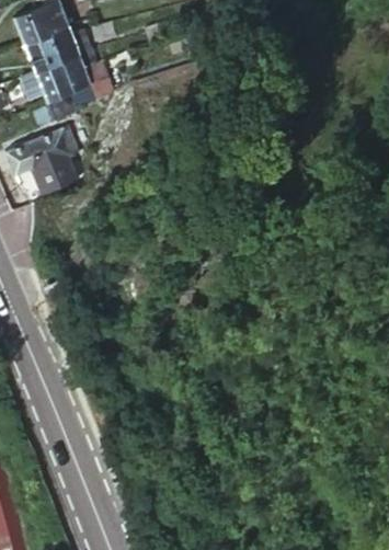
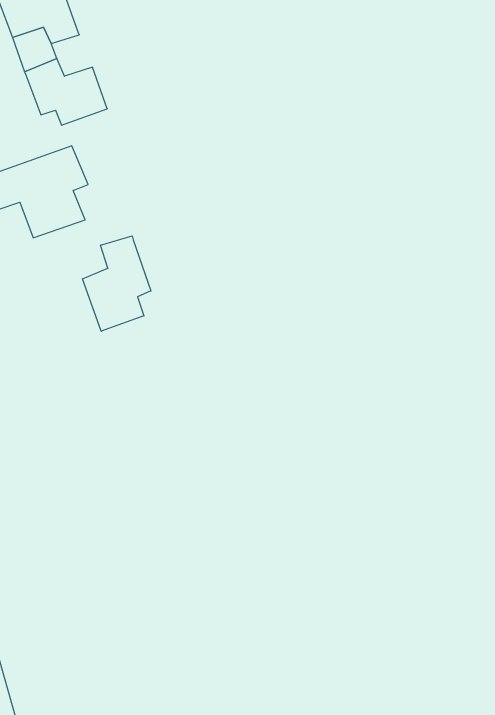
building: [52,31,96,76] -> none
building: none -> [83,236,151,331]

